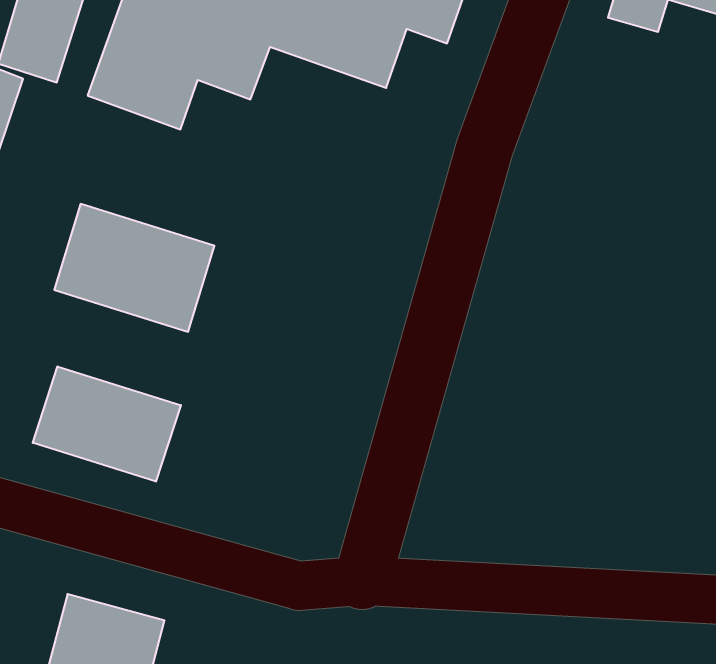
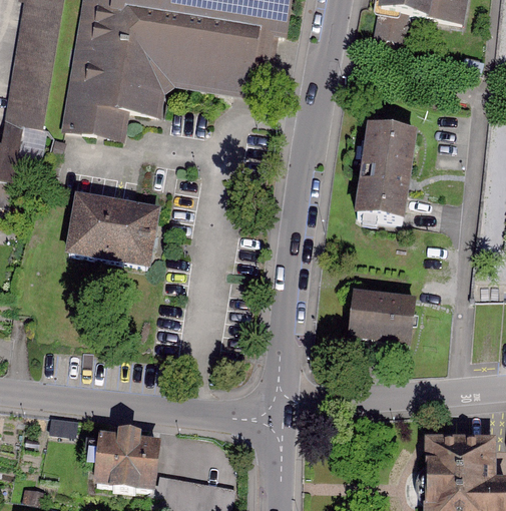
building: none -> [350,121,416,217]
building: [33,366,181,482] -> none
building: none -> [345,288,420,346]

